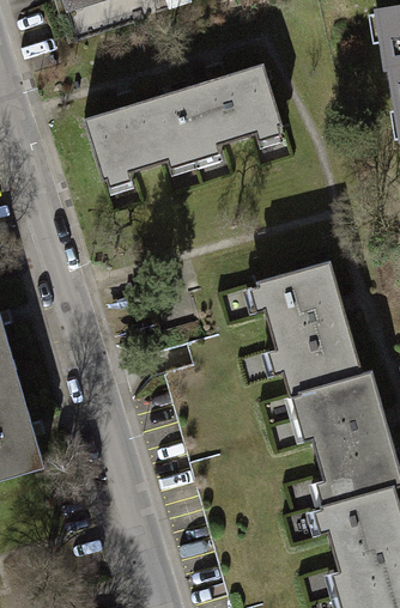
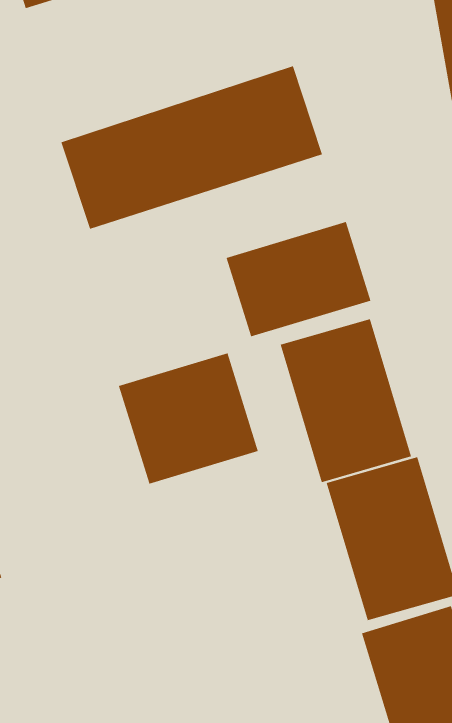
building: none -> [226,221,371,337]
building: none -> [118,353,259,485]

